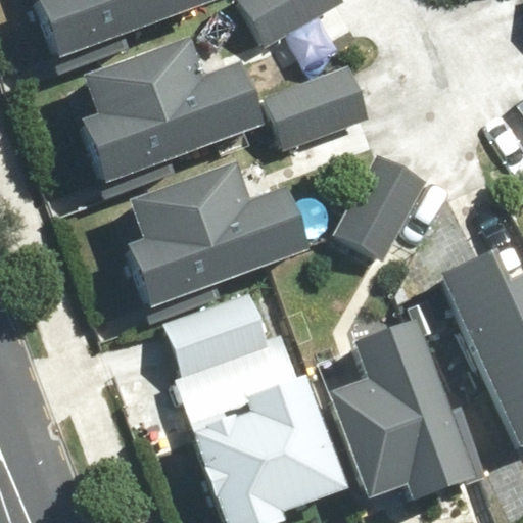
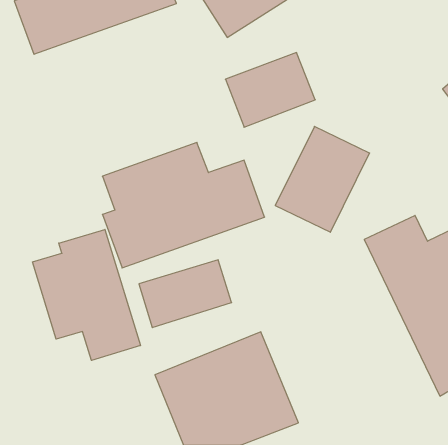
building: [80,39,266,184] -> none
building: none -> [33,229,140,360]
building: [332,316,480,502] -> none

